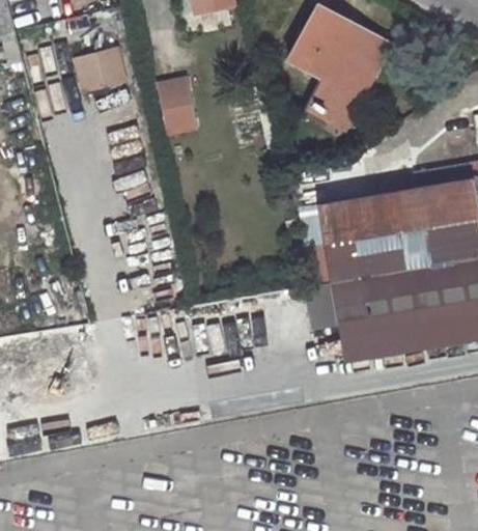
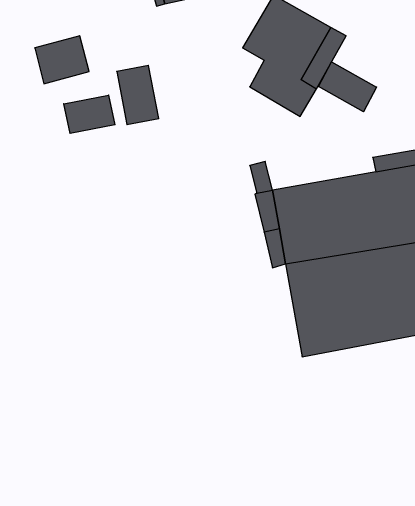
building: none -> [318,62,377,112]
building: none -> [64,95,115,133]

